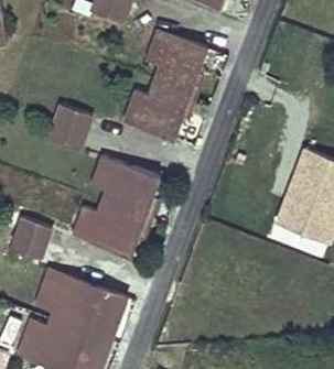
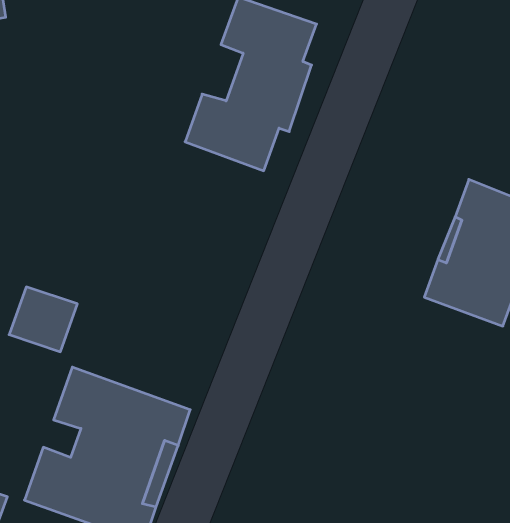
building: [47,105,91,149] -> none
building: [73,155,159,256] -> none

